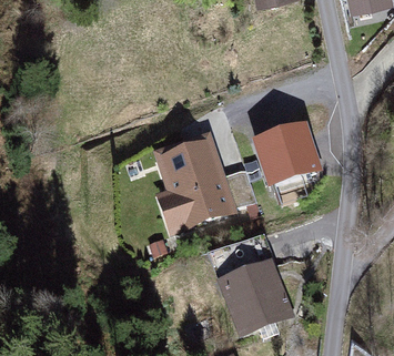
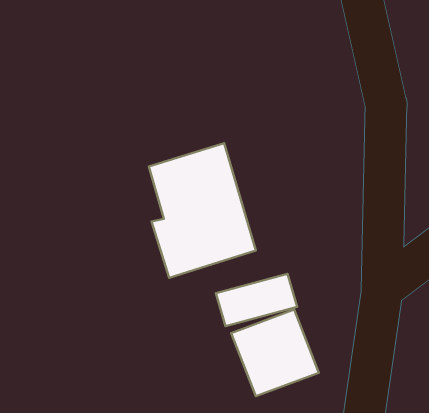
building: [254,130,324,195] -> none

